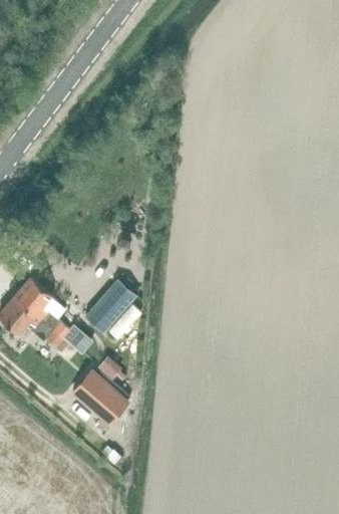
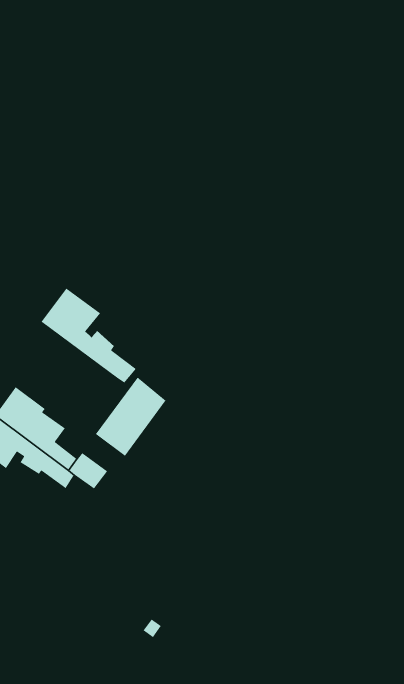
building: none -> [41,287,137,384]
building: [71,370,129,427] -> none

